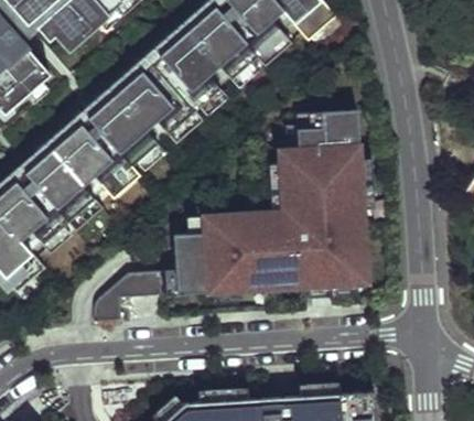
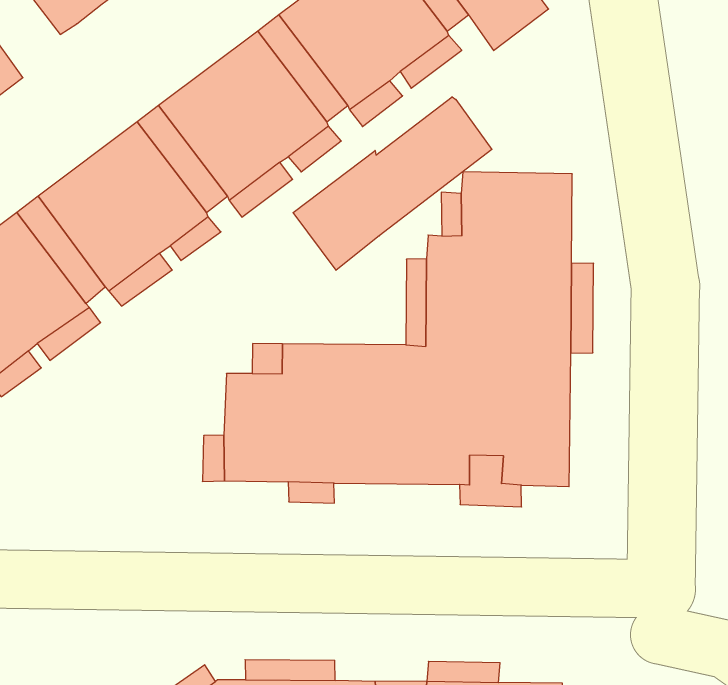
building: none -> [293,97,492,270]
building: [93,267,161,316] -> none

